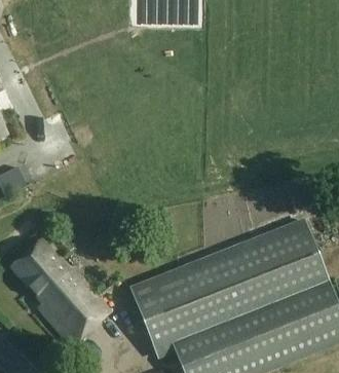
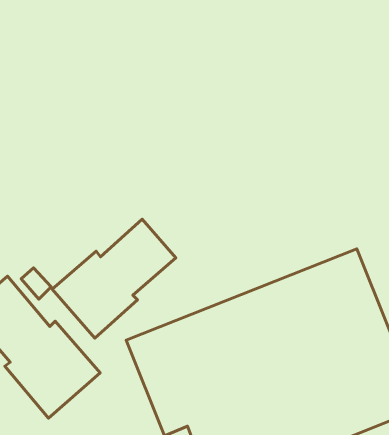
building: none -> [52,219,176,338]

